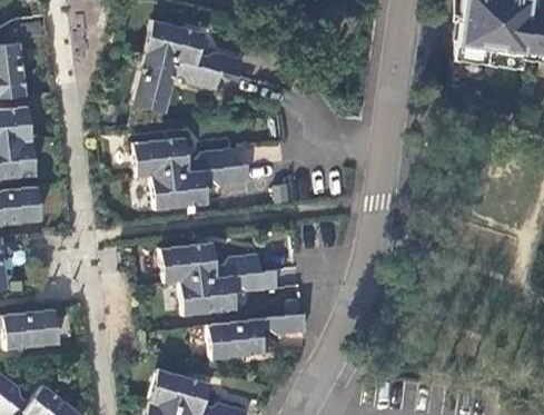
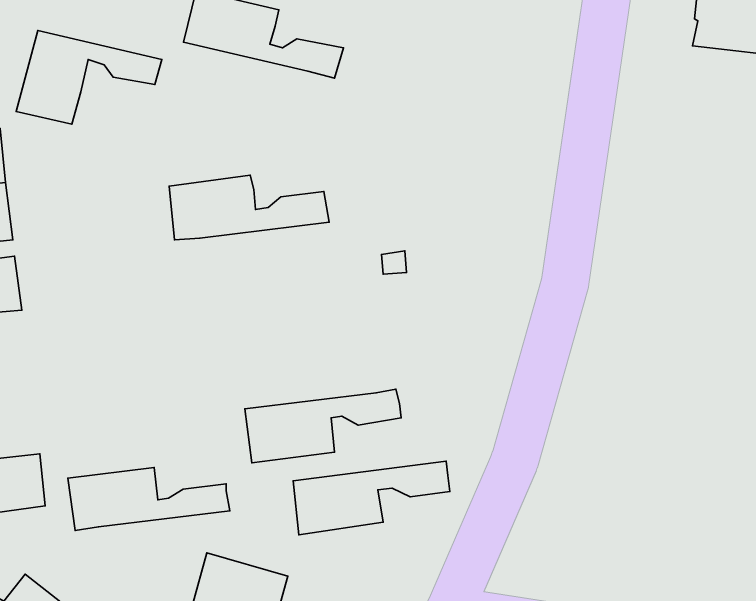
building: [129,53,219,111] -> [16,31,162,124]
building: [152,162,248,209] -> none
building: [161,244,261,283] -> [68,468,230,530]

